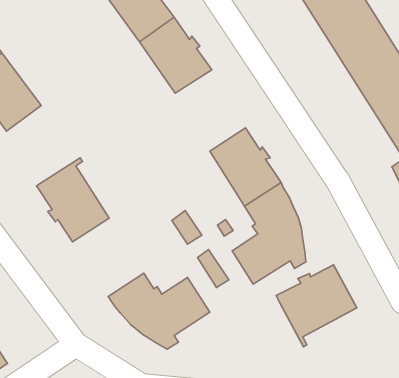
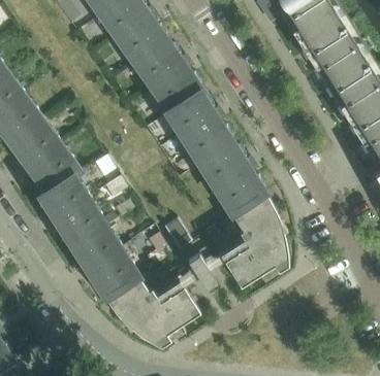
building: none -> [165,89,232,164]
building: none -> [11,122,80,192]
building: none -> [72,226,138,298]
building: [276,265,357,347] -> none

